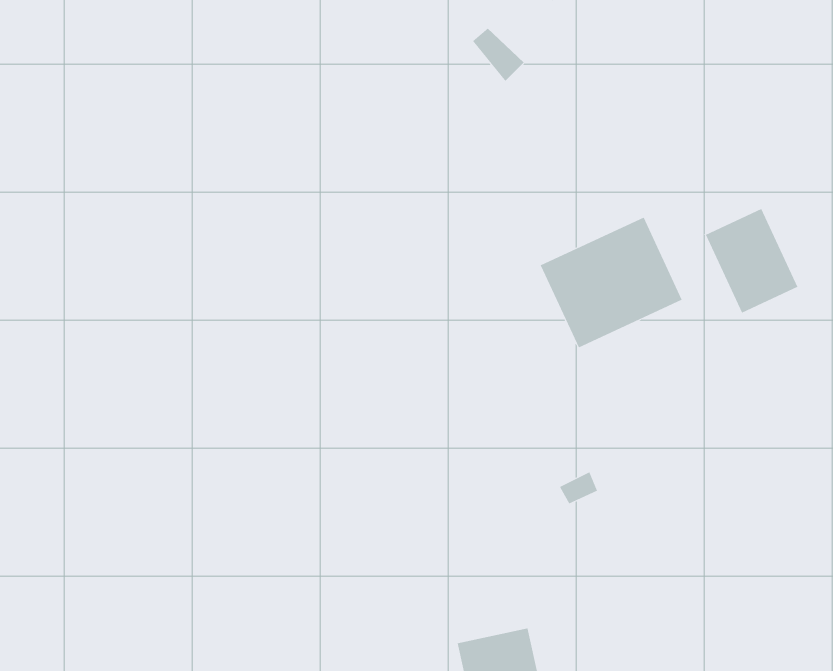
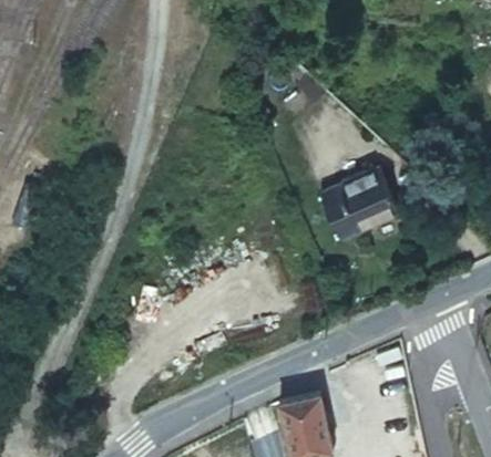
building: [705,208,798,313] -> none

